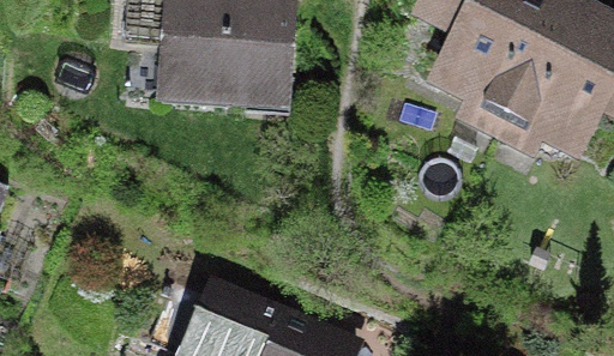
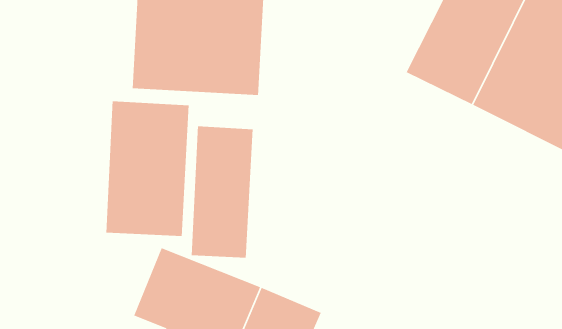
building: none -> [106,101,190,237]
building: none -> [191,126,254,259]

